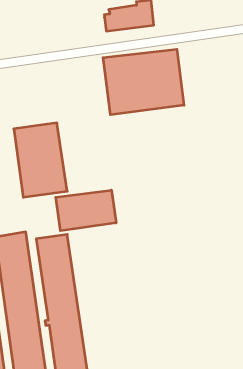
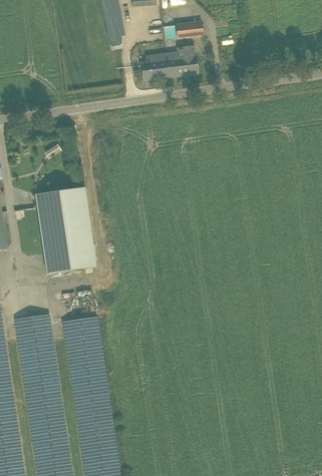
building: [103,49,184,115] -> none
building: [56,190,116,231] -> none

